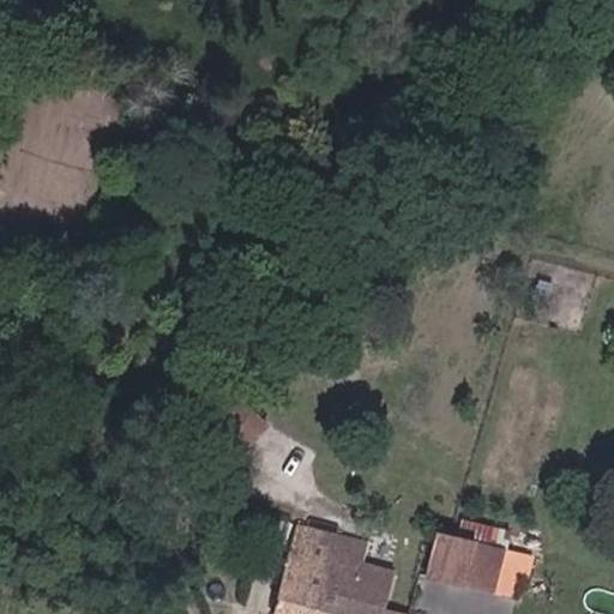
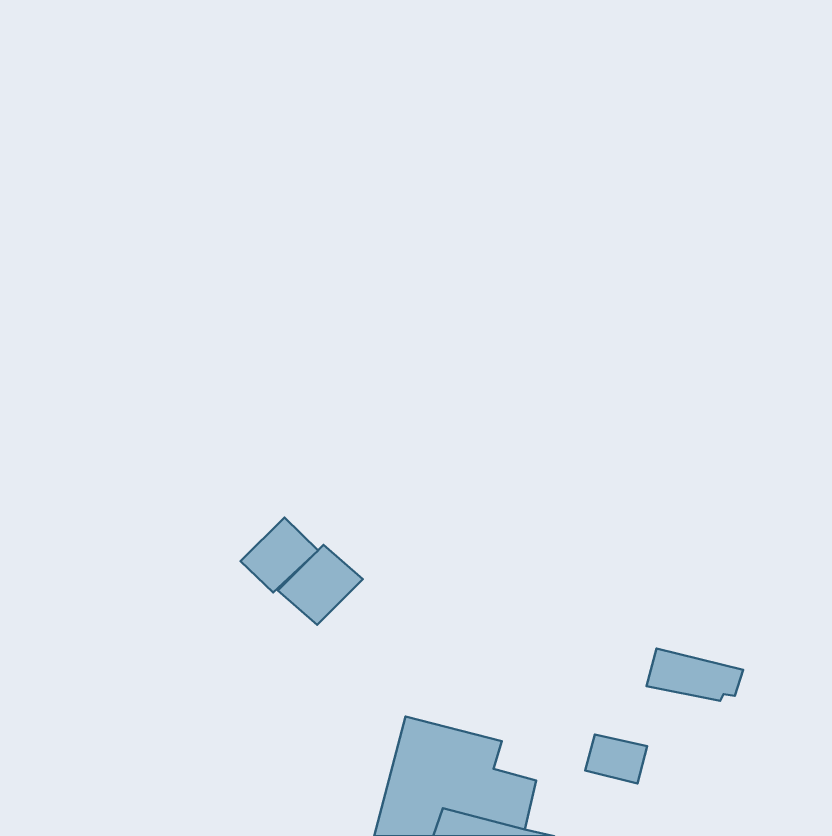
building: none -> [241,517,318,593]
building: [468,547,538,585] -> [647,648,743,701]

